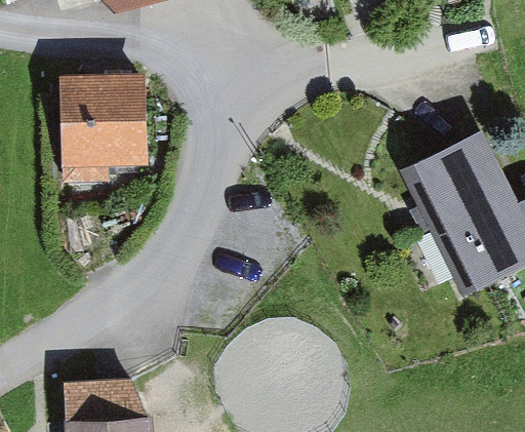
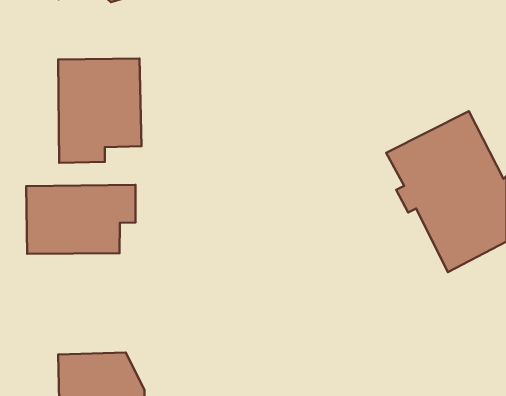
building: none -> [26,185,136,254]

